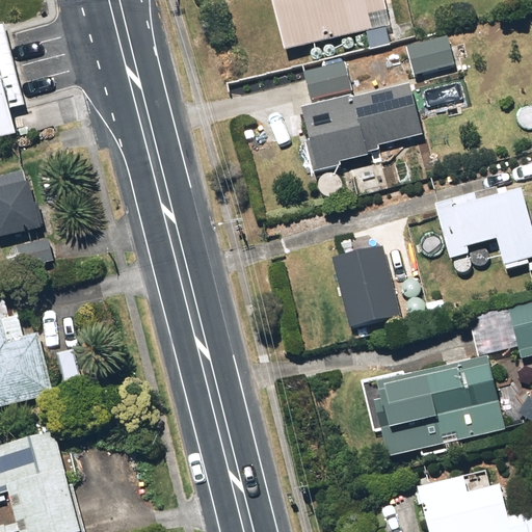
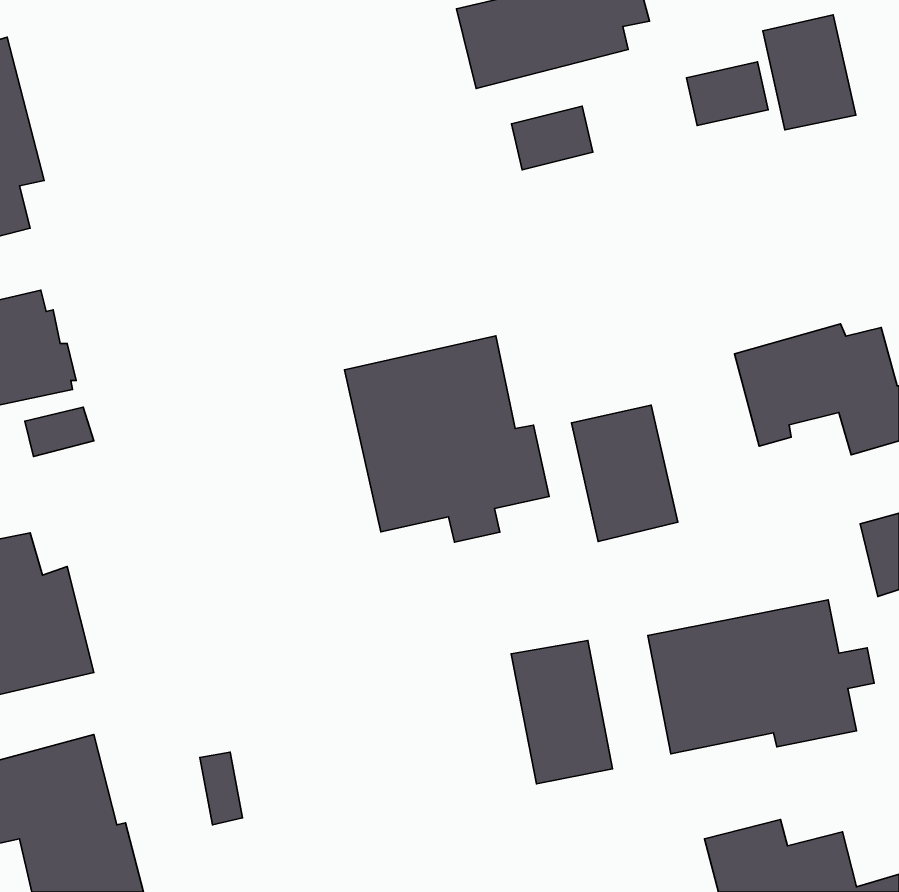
building: none -> [763,15,856,130]
building: [297,84,419,174] -> none
building: none -> [344,336,549,542]
building: none -> [511,640,613,784]

